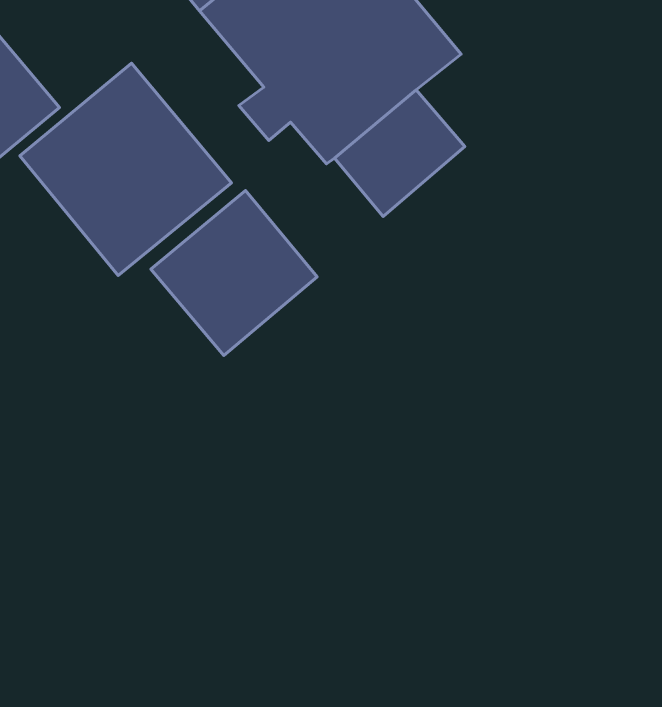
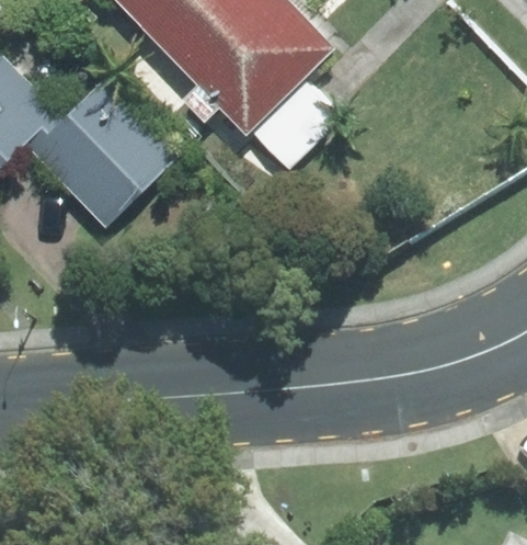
building: [151,191,317,356] -> none

